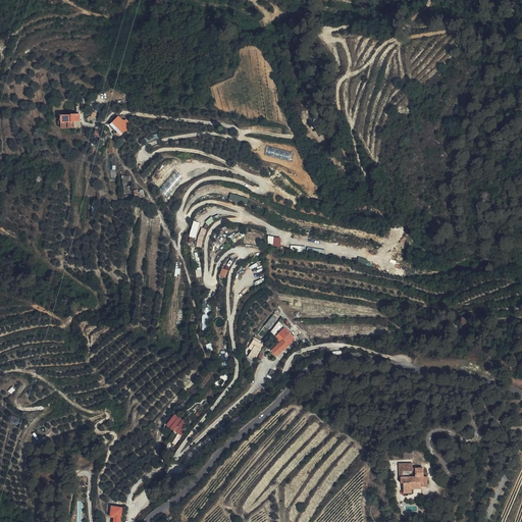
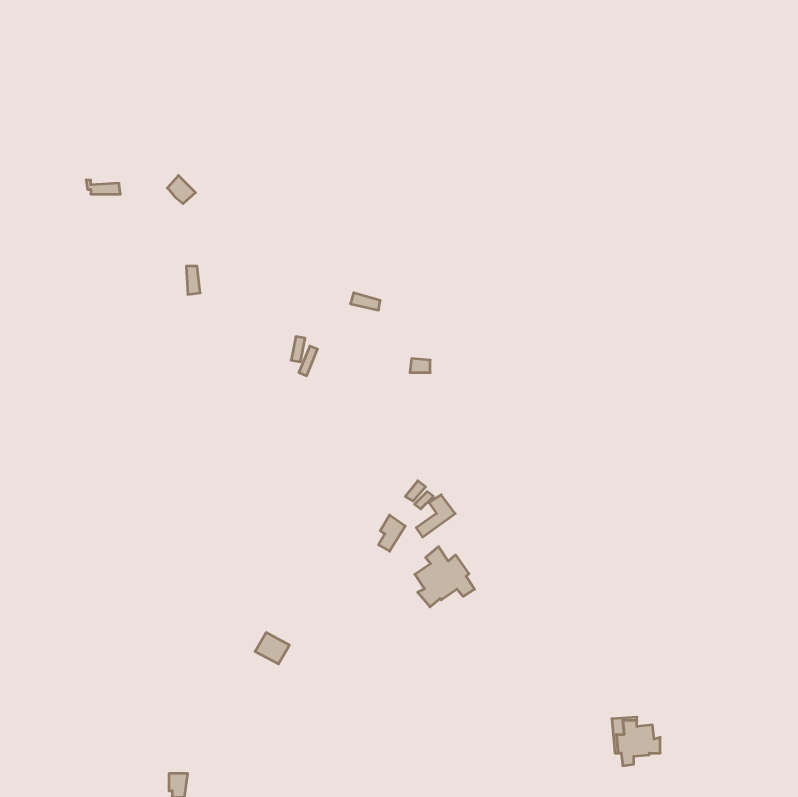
building: none -> [415,547,475,607]

